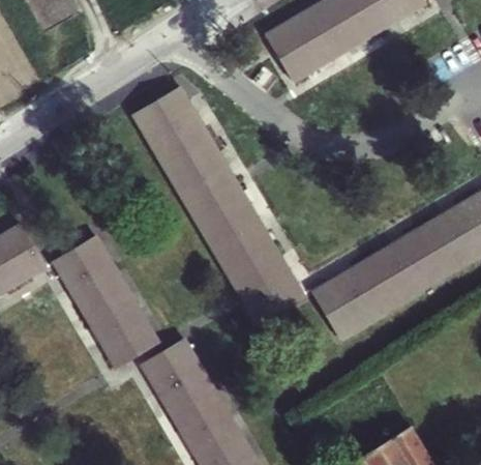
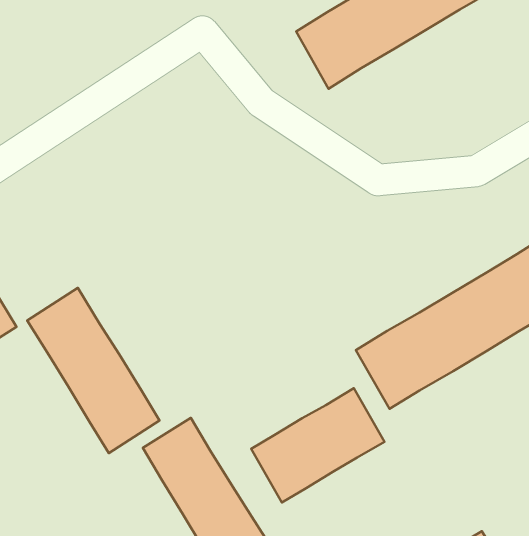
building: [137,88,301,321] -> none
building: none -> [251,388,385,502]

